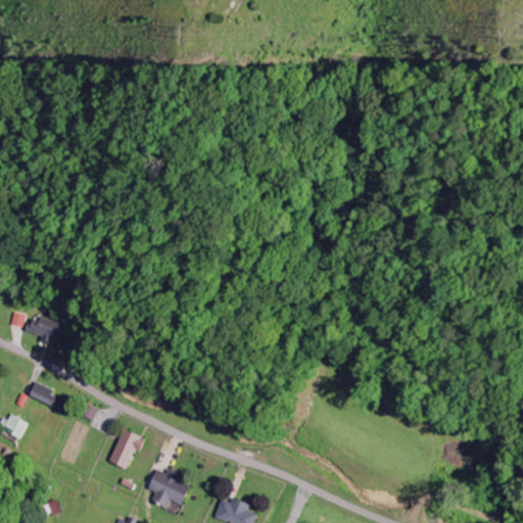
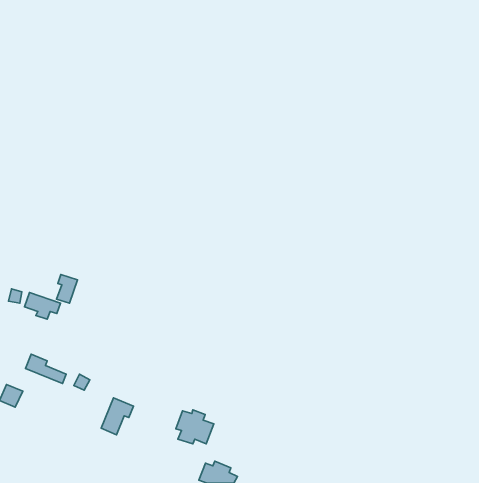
building: none -> [57,275,77,303]
building: [148,469,189,506] -> [176,410,214,444]

